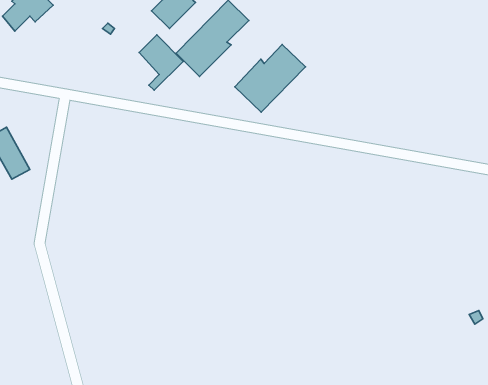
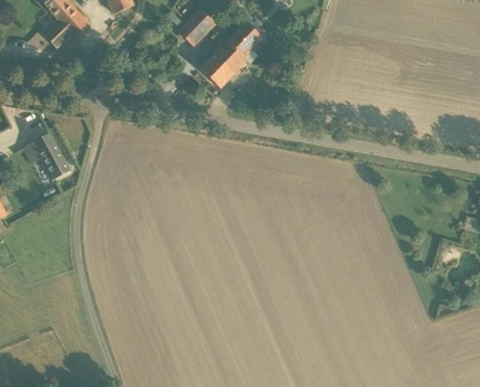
building: [139,35,183,90] -> none
building: [235,44,306,112] -> none

